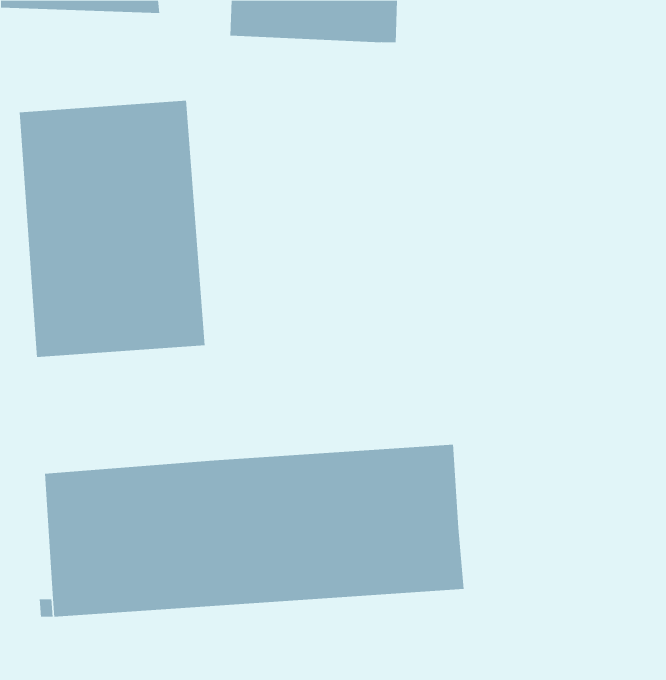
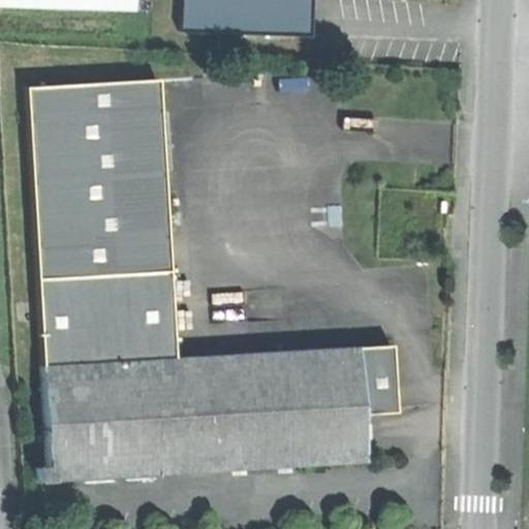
building: none -> [40,269,178,368]
building: none -> [364,342,403,410]

